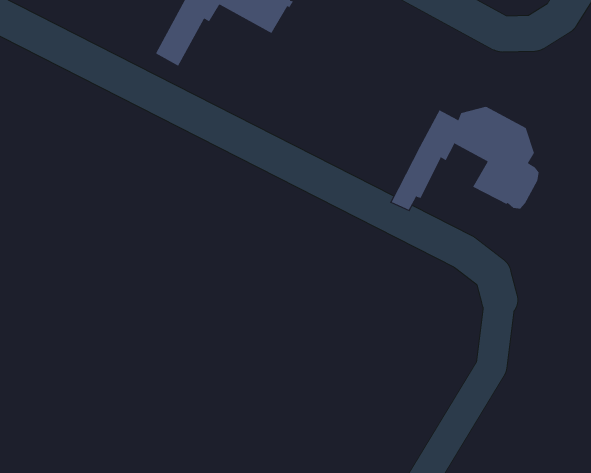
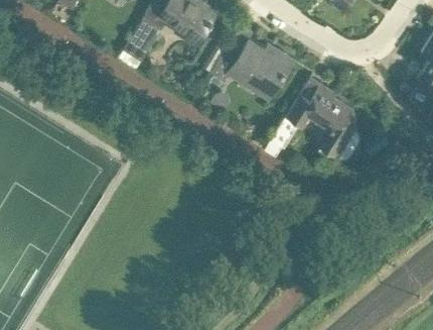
building: none -> [210,37,292,90]

